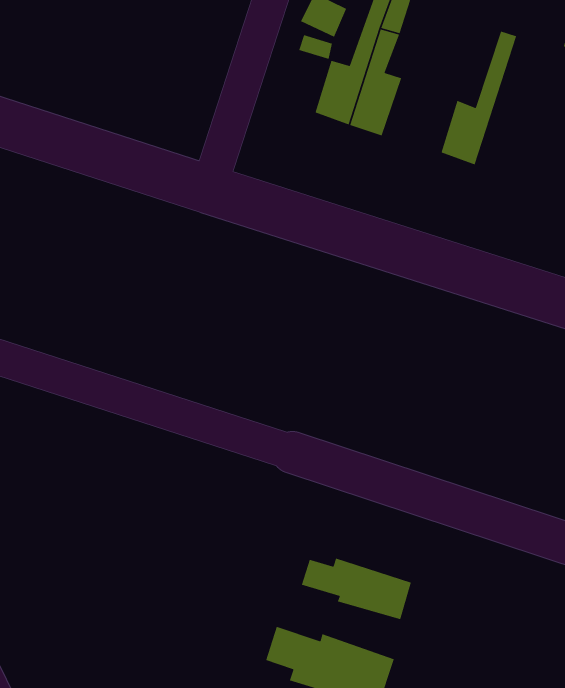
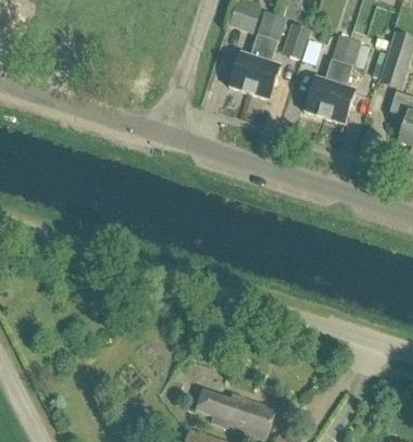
building: none -> [283,23,312,60]
building: none -> [323,38,359,122]
building: [301,558,412,620] -> none

